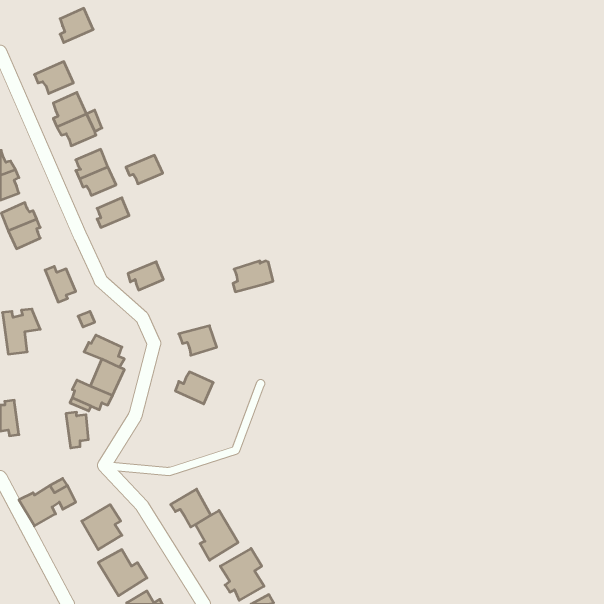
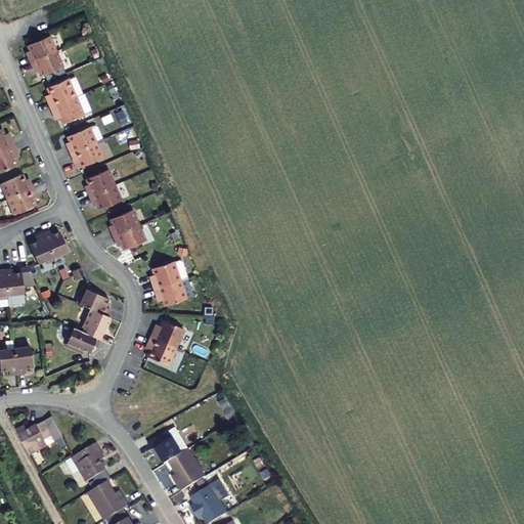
building: [60,8,93,43] -> [28,35,56,64]
building: [126,155,163,184] -> [88,186,120,211]
building: none -> [107,211,136,236]
building: [233,261,273,292] -> [154,262,188,289]
building: none -> [27,233,51,264]
building: none -> [148,338,177,367]
building: [66,412,88,448] -> [13,345,33,376]

